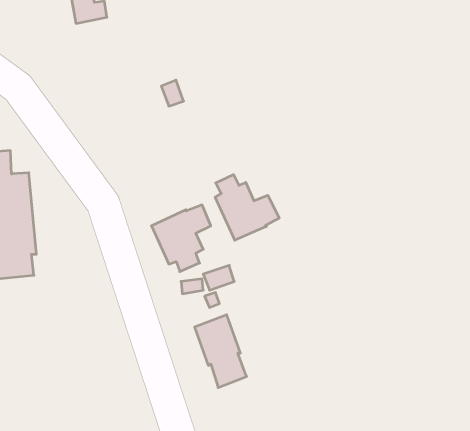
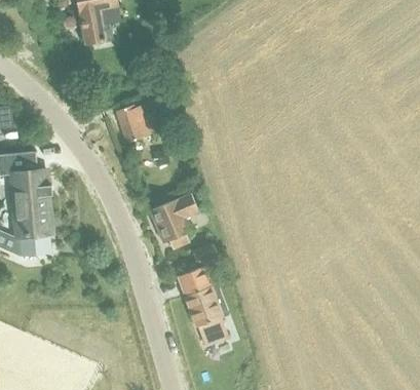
building: none -> [115,106,151,143]
building: [215,175,279,240] -> none

